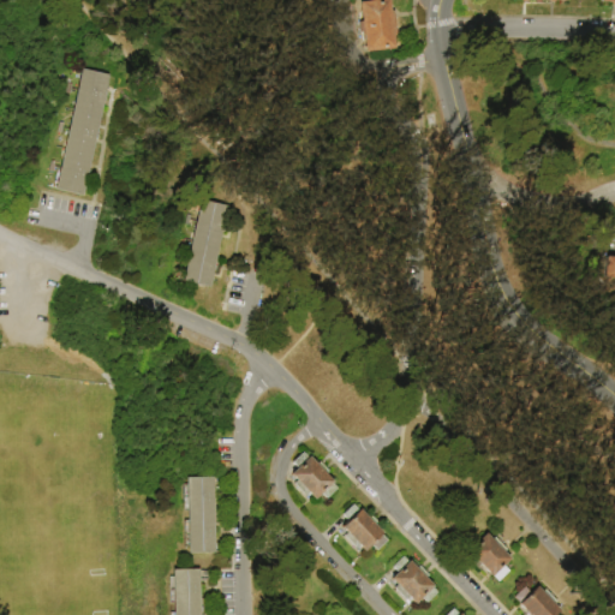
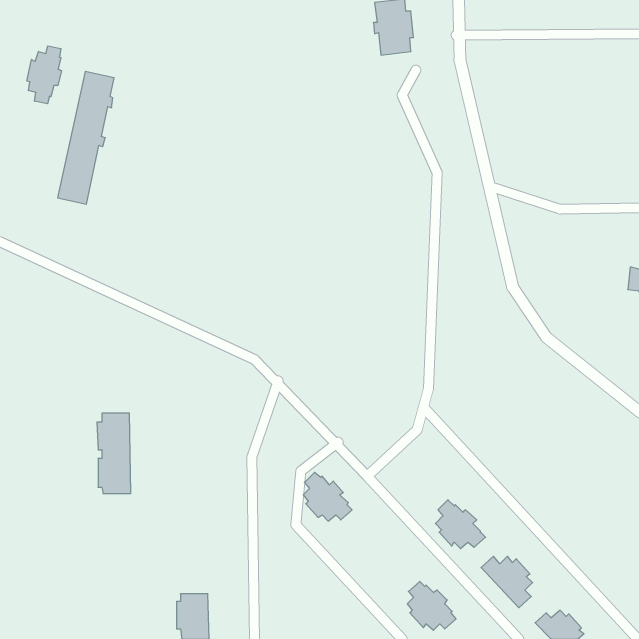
building: none -> [27,46,62,104]
building: [184,201,229,289] -> none
building: [184,477,216,554] -> [97,413,131,494]
building: [341,504,389,551] -> [435,500,486,549]

